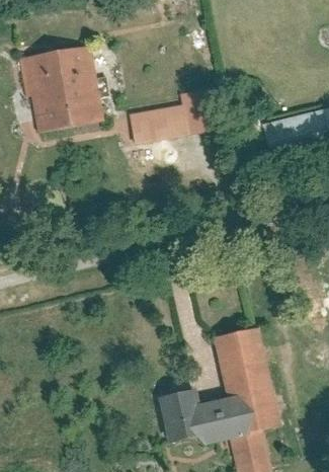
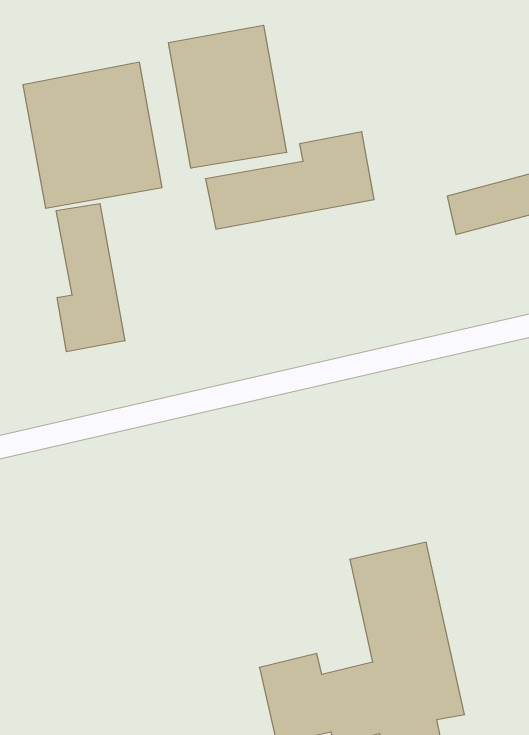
building: none -> [169,25,287,168]
building: none -> [56,204,125,352]

